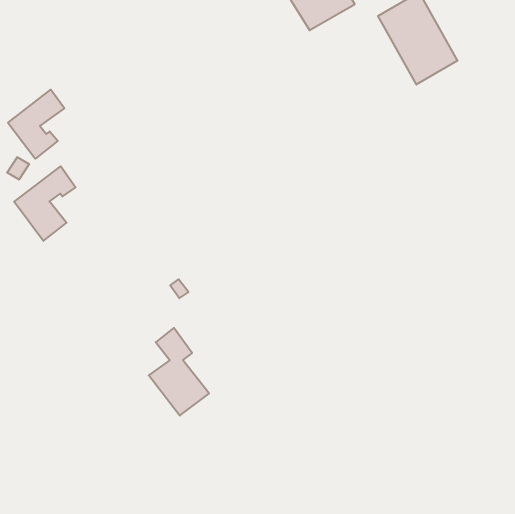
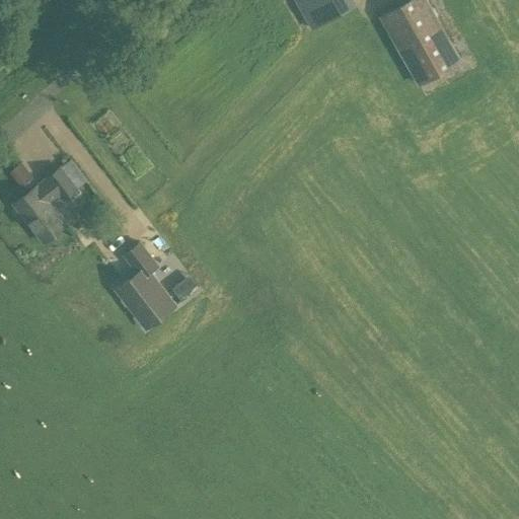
building: [8,90,64,159] -> none
building: [149,328,209,416] -> [115,239,175,327]

